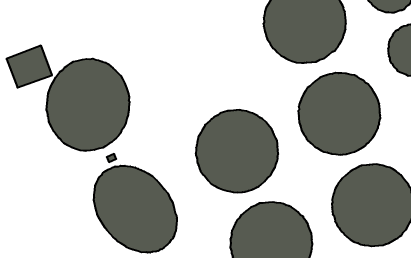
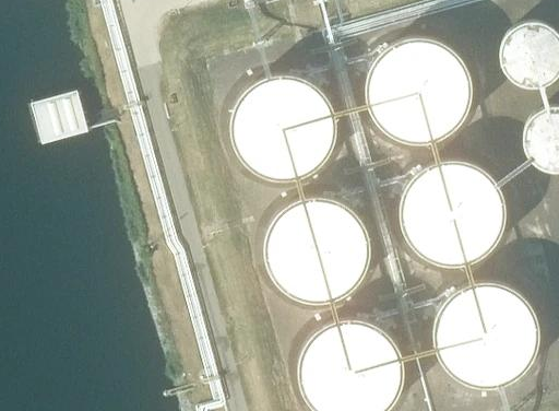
building: none -> [230,75,336,181]
building: [47,59,130,151] -> none
building: [94,166,177,253] -> none

